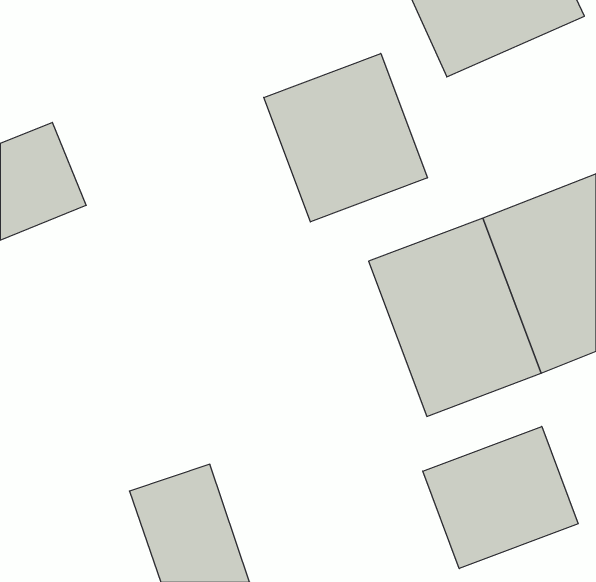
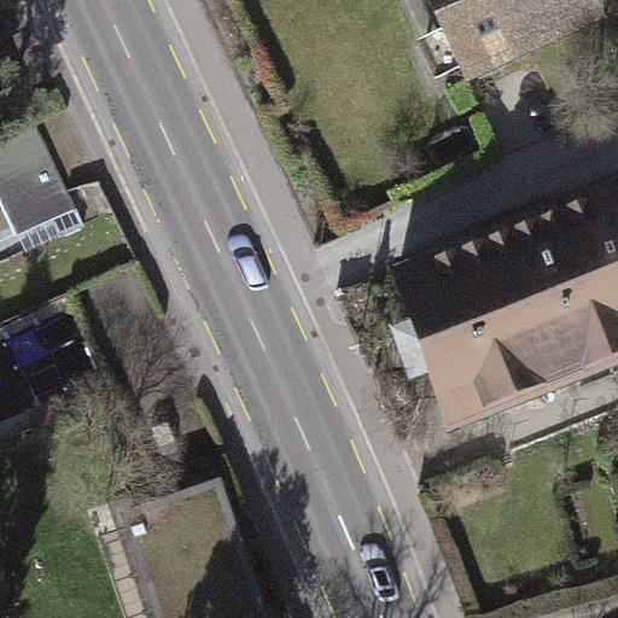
building: [264,53,427,222] -> none
building: [423,426,578,569] -> none

